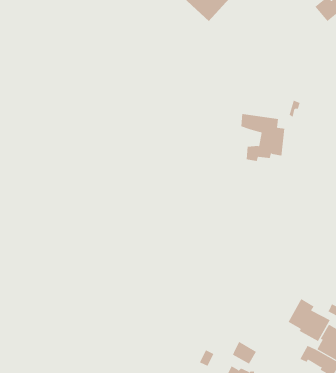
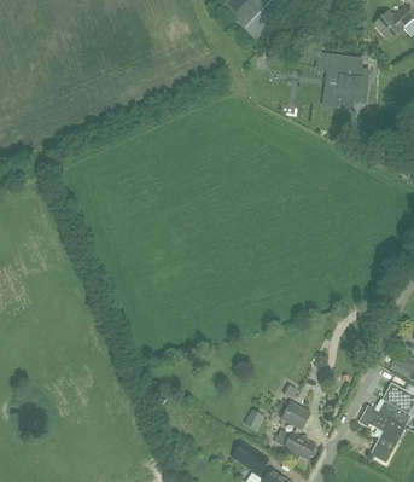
building: [240,114,285,162] -> [317,52,368,106]
building: [288,298,330,342] -> none

